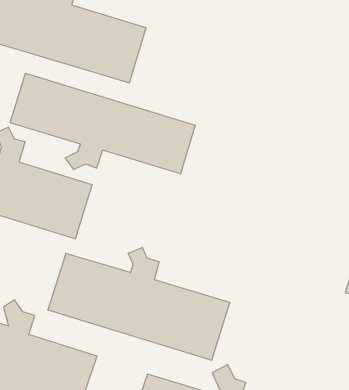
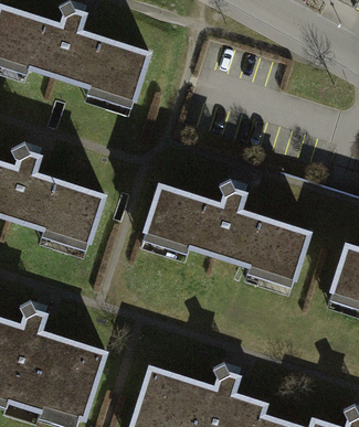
building: [10,73,195,174] -> none
building: [48,247,230,360] -> [142,181,310,285]

